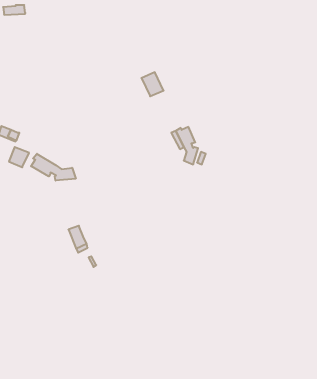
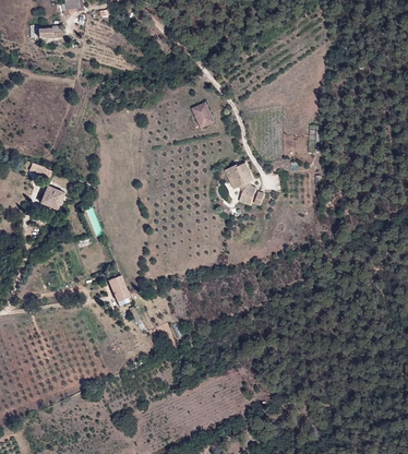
building: [31,154,76,181] -> none

